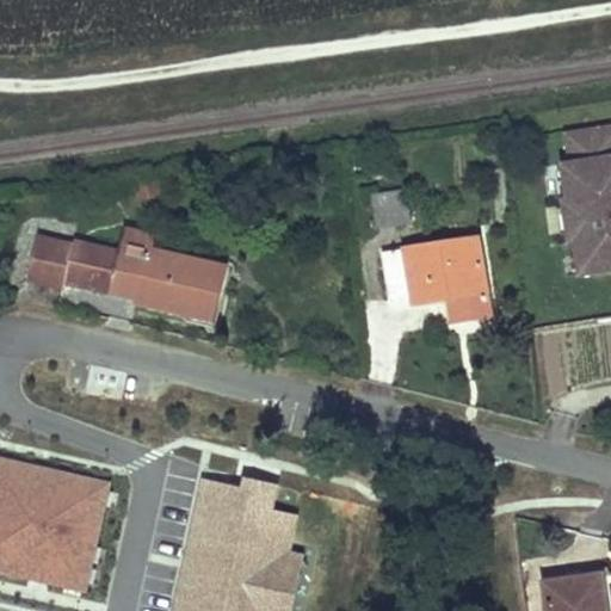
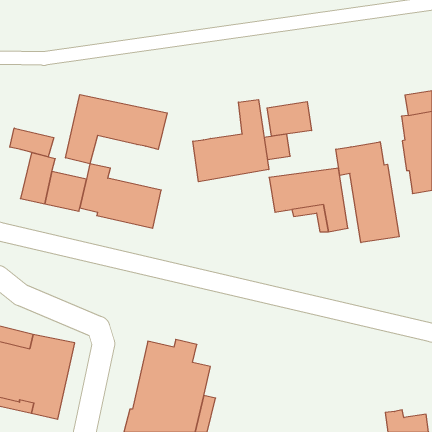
building: none -> [66,95,167,164]
building: none -> [193,100,269,182]
building: none -> [267,102,312,136]
building: none -> [10,128,54,157]
building: none -> [336,142,399,243]

